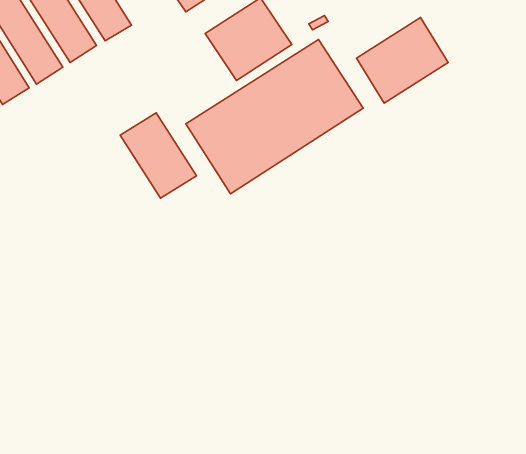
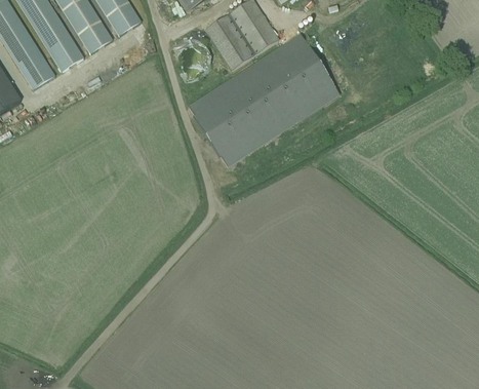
building: [356,18,448,103] -> none
building: [120,113,196,198] -> none

